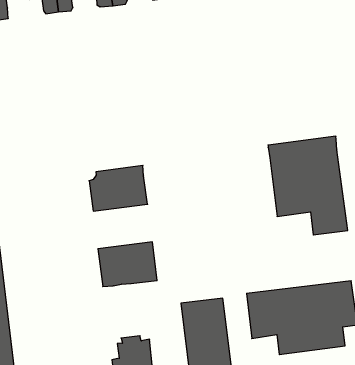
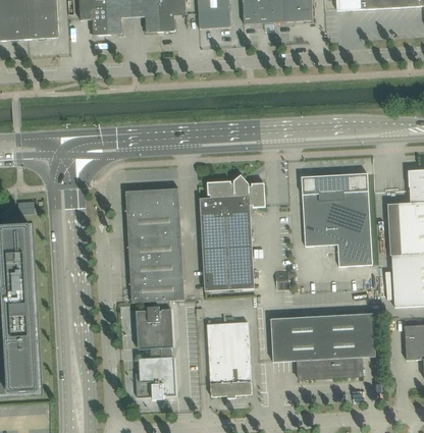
building: none -> [199,175,265,291]
building: none -> [127,226,182,266]
building: none -> [136,301,172,354]

